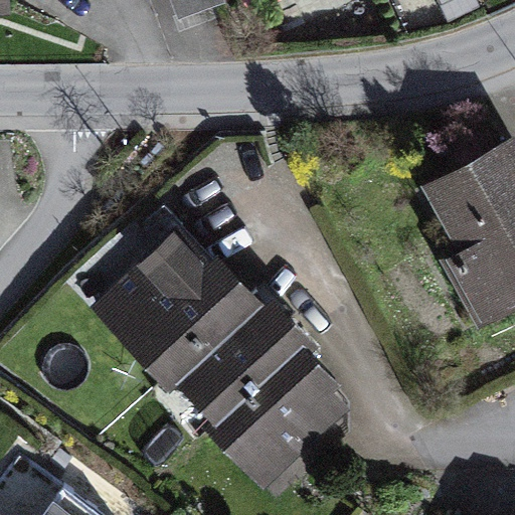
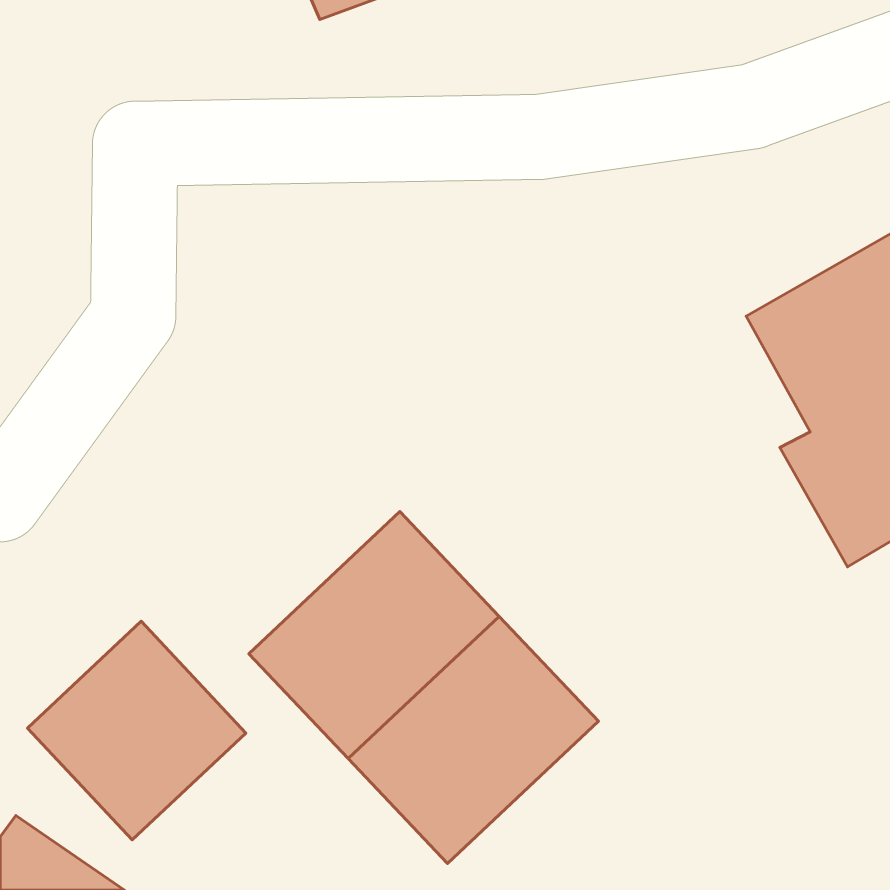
building: [95,230,236,370] -> none
building: none -> [28,621,246,840]

